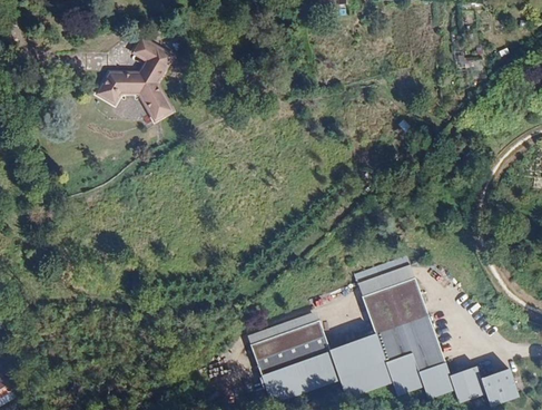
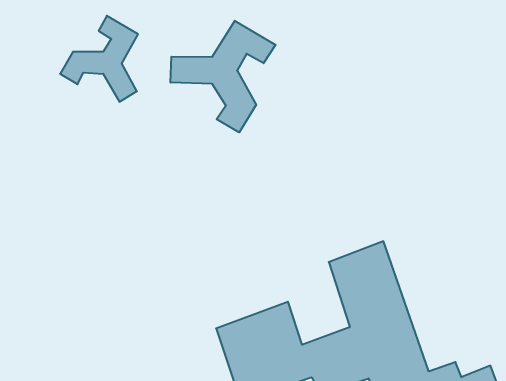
building: none -> [171,21,276,132]

